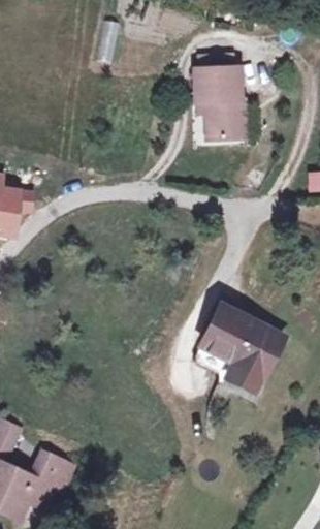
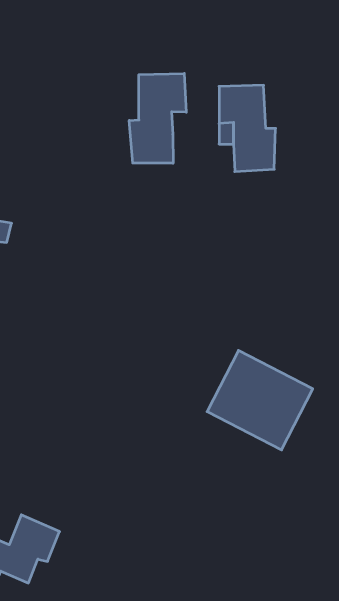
building: none -> [129,73,186,163]

